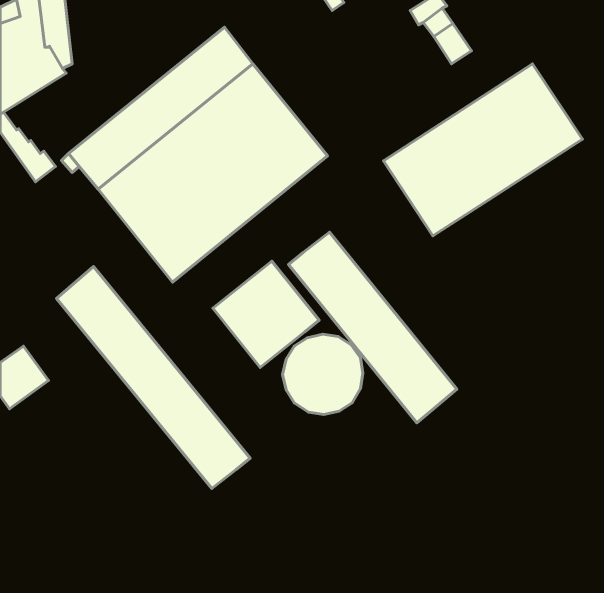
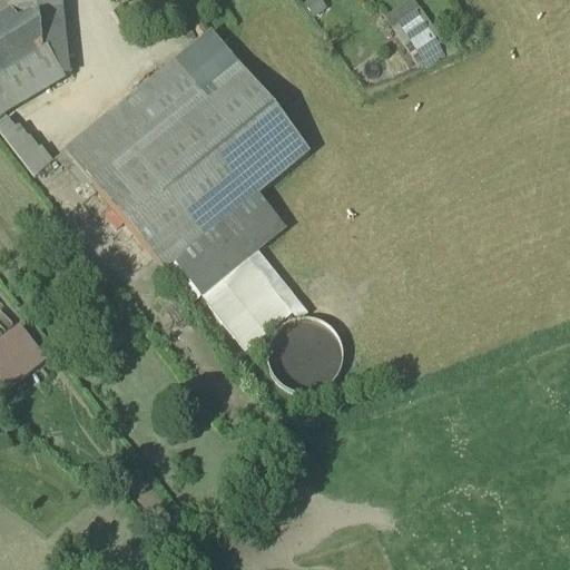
building: [384,64,583,236] -> none
building: none -> [163,191,282,299]
building: [289,232,457,423] -> none
building: [56,267,250,488] -> none

